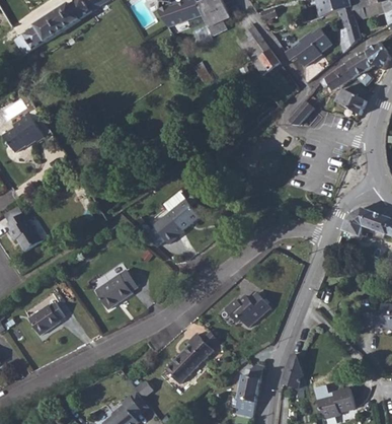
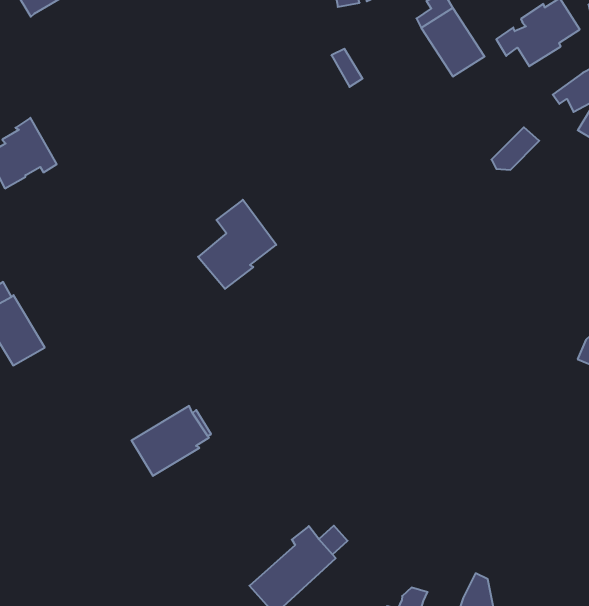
building: [155,193,199,243] -> [198,200,276,289]
building: [225,292,269,327] -> none
building: [27,302,64,335] -> none

